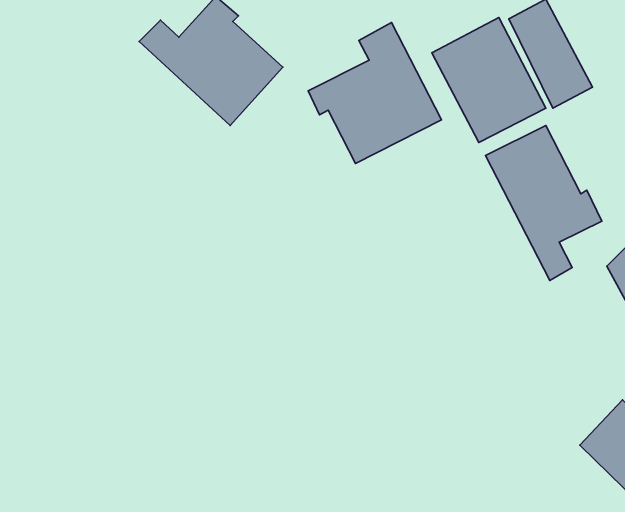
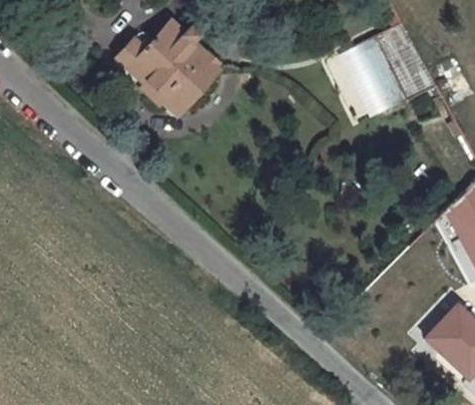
building: [308,22,442,163] -> none
building: [485,125,602,281] -> none

